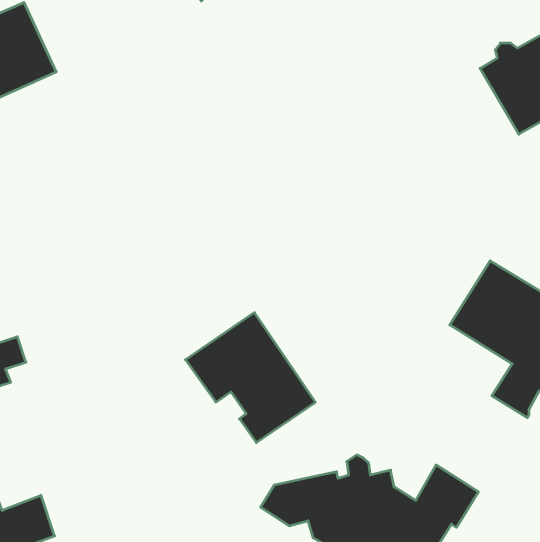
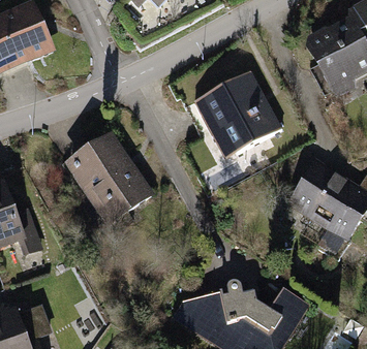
building: none -> [194,71,281,153]
building: [185,313,315,443] -> [70,139,150,219]

